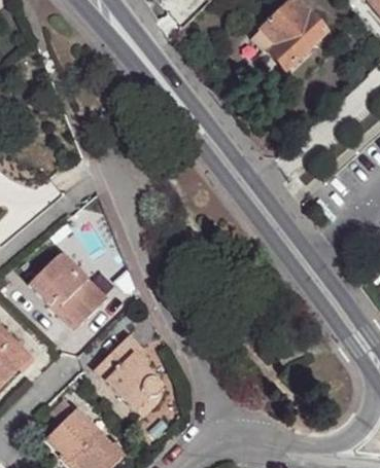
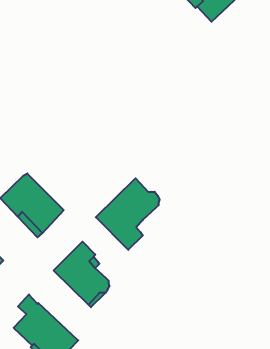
building: none -> [96,178,160,250]

